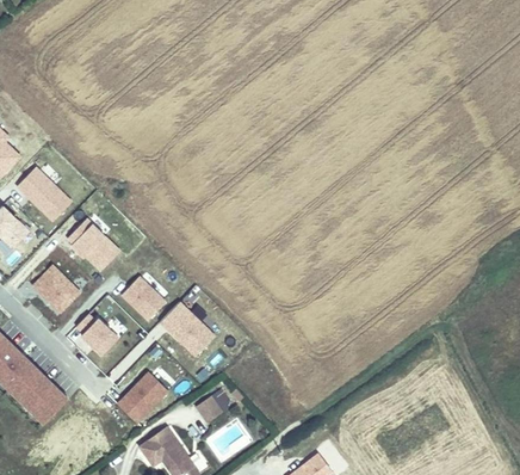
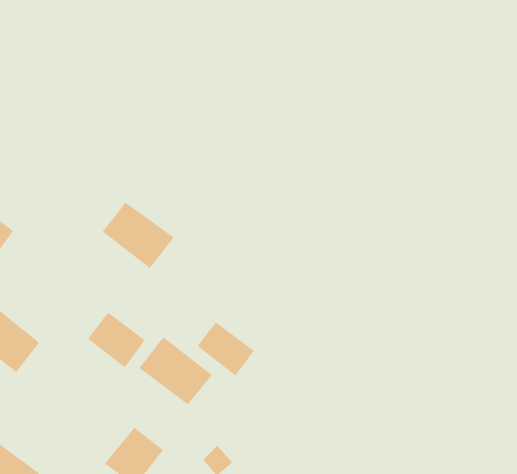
building: [63,217,120,273] -> [102,202,175,269]
building: none -> [197,322,255,377]
building: [72,311,118,358] -> none

